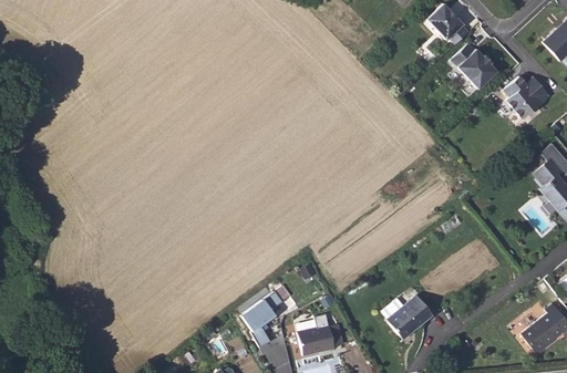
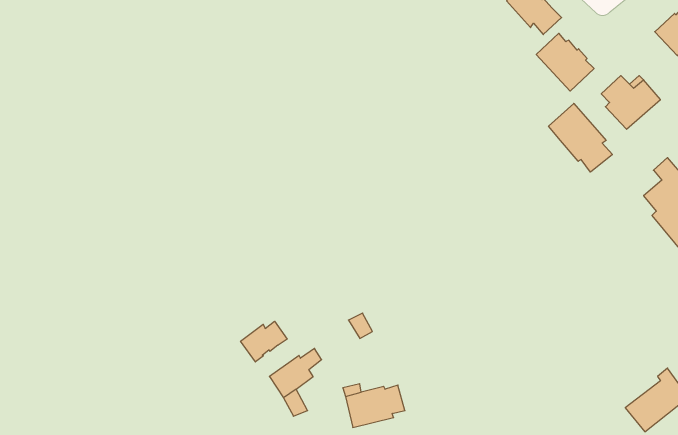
building: none -> [549,103,612,172]
building: none -> [241,321,287,362]
building: [382,290,434,335] -> none

